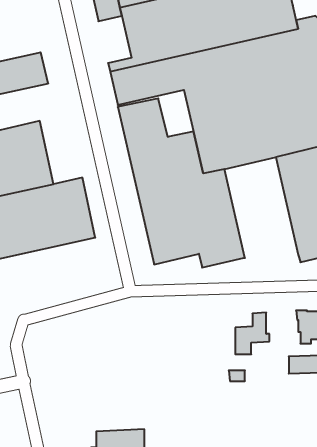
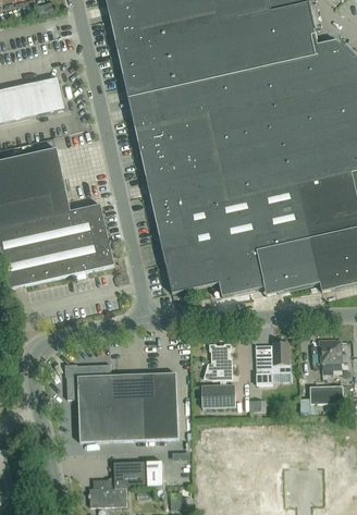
building: none -> [116,39,150,87]
building: none -> [136,114,213,162]
building: none -> [245,183,320,294]
building: none -> [201,342,235,406]
building: none -> [66,363,178,441]

